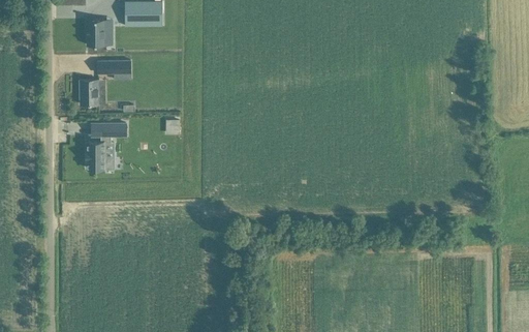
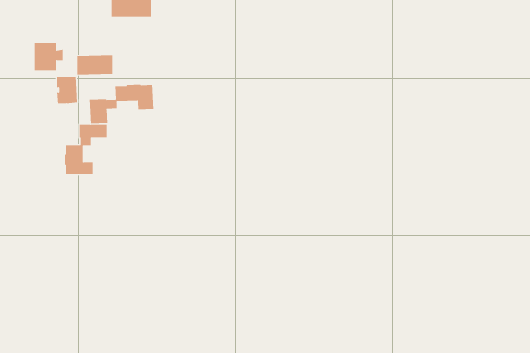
building: [92,17,119,42] -> [34,42,64,71]
building: none -> [89,84,154,124]

